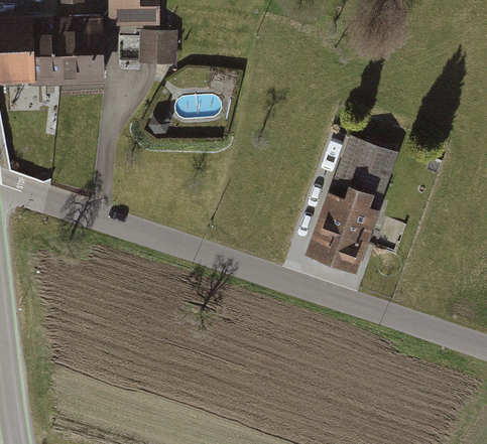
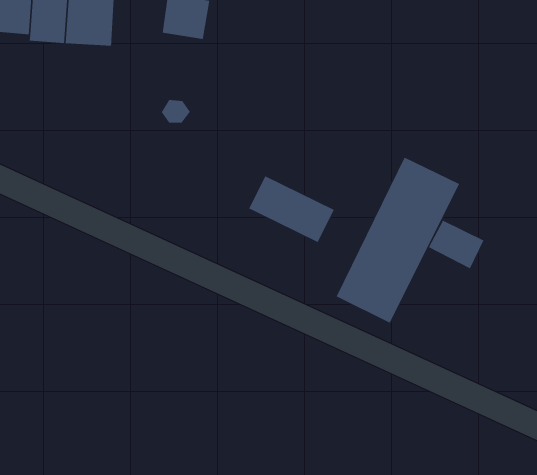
building: none -> [249,176,334,243]
building: none -> [428,220,484,269]

